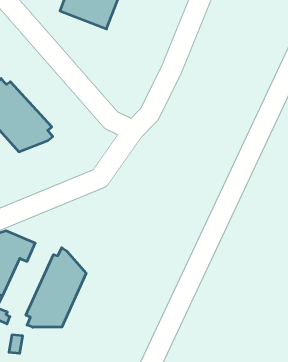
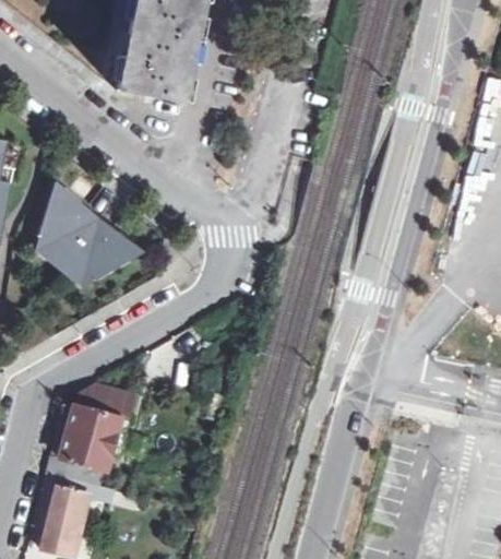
building: [26,248,86,327] -> none

